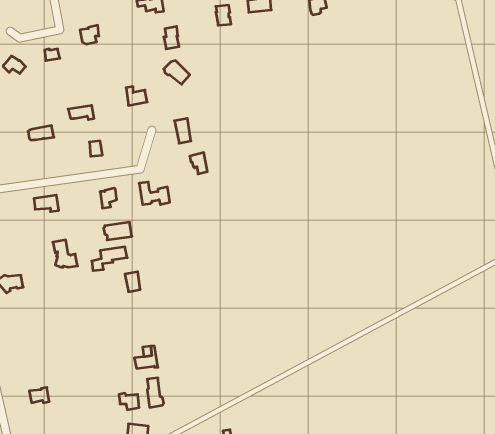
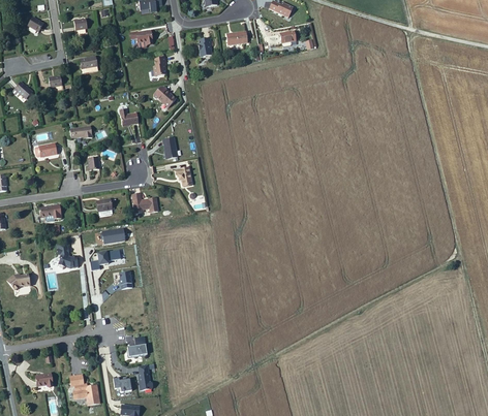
building: none -> [68,375,98,405]

